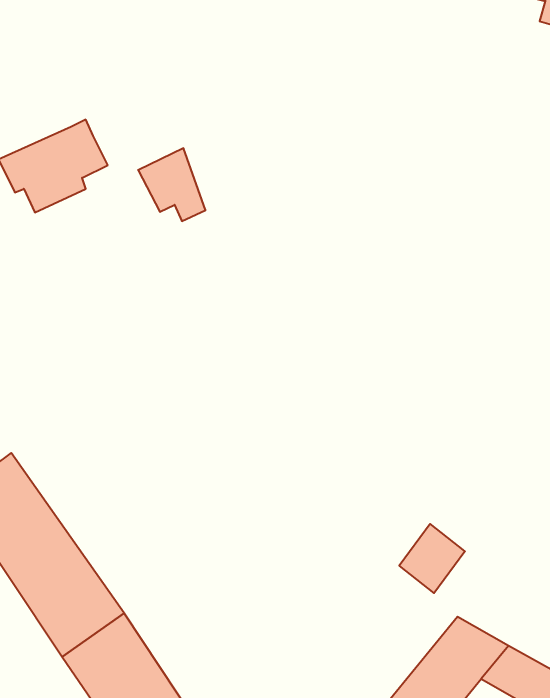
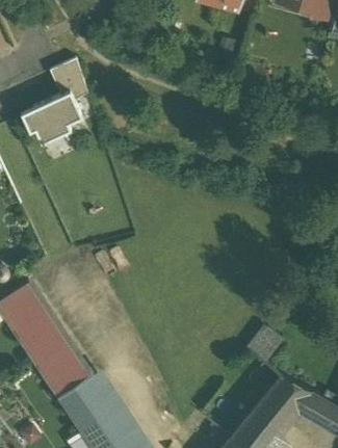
building: [138,148,206,221] -> [49,59,87,101]

